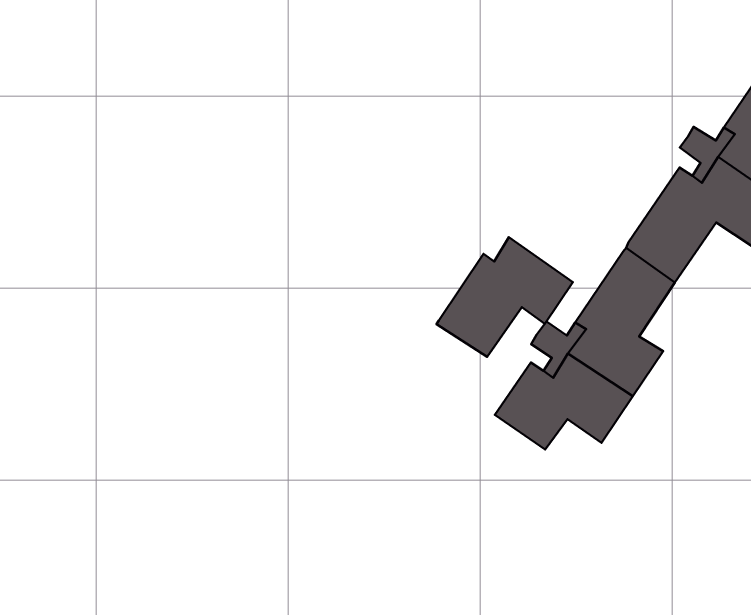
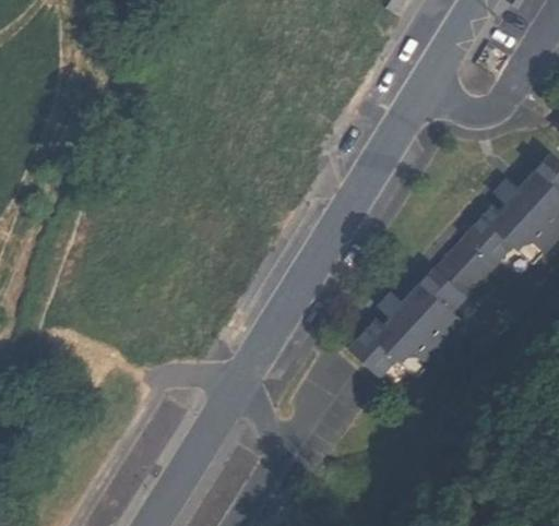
building: [437,237,573,357] -> none

